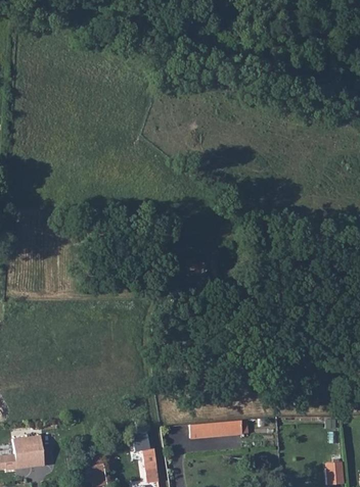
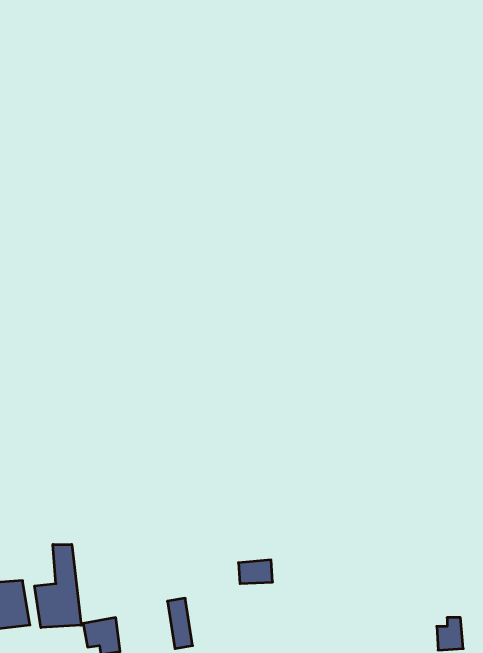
building: none -> [35,544,81,628]
building: [211,420,241,437] -> none

